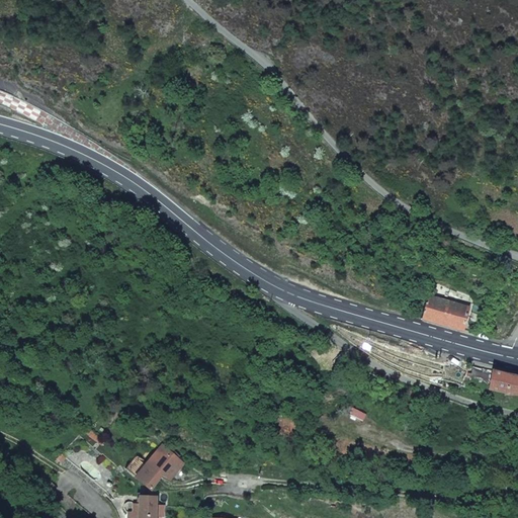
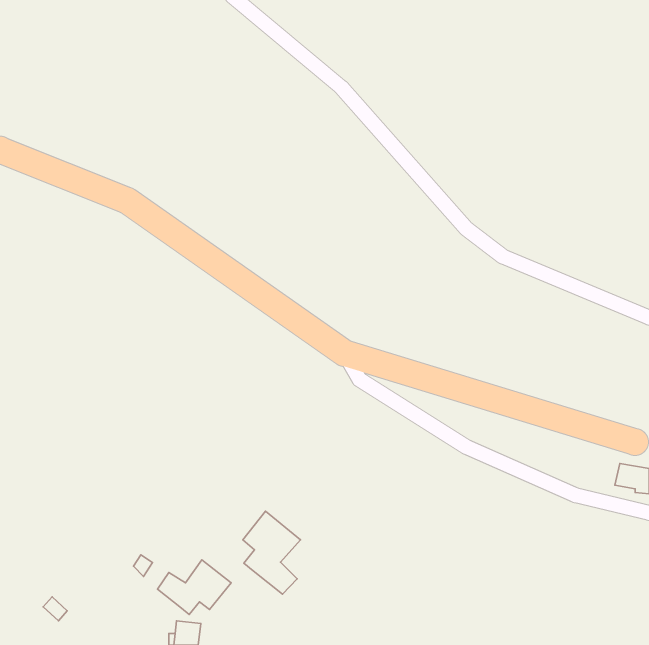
building: [422,294,468,329] -> none
building: none -> [243,511,300,594]

